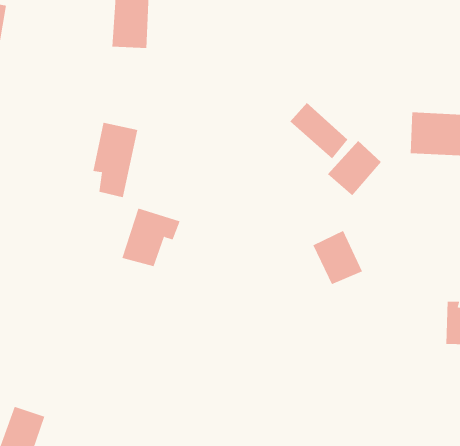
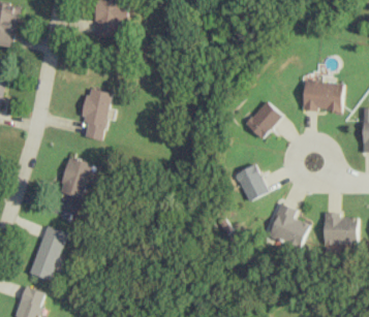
building: [289,102,348,159] -> none
building: [122,208,181,267] -> [58,157,99,198]
building: none -> [268,203,310,249]
building: none -> [29,225,66,280]

